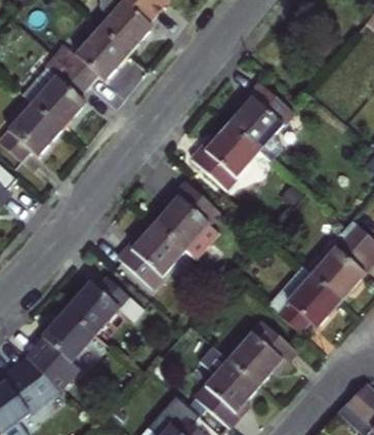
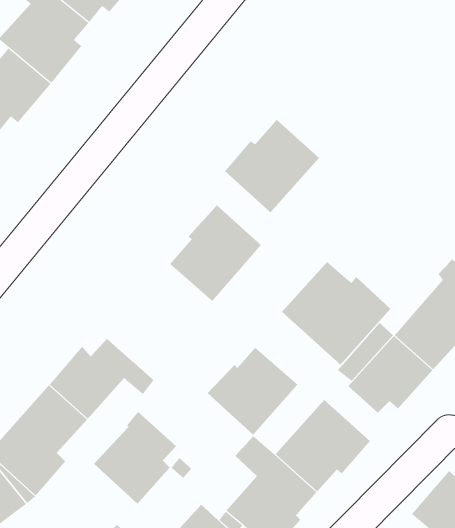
building: [231,85,295,161] -> none
building: none -> [281,261,391,366]
building: [121,228,185,290] -> [207,347,298,435]
building: none -> [93,411,177,504]

